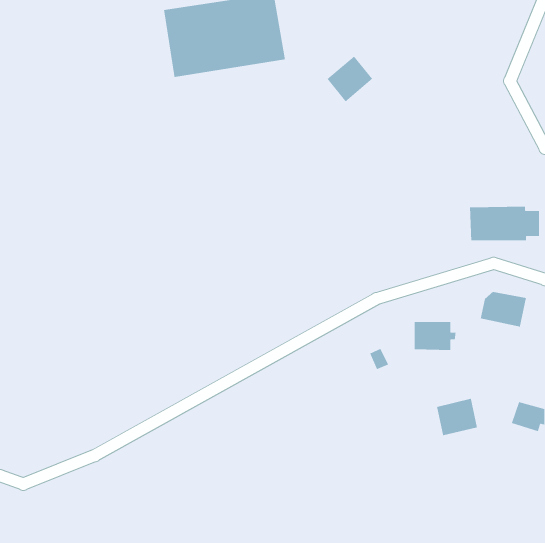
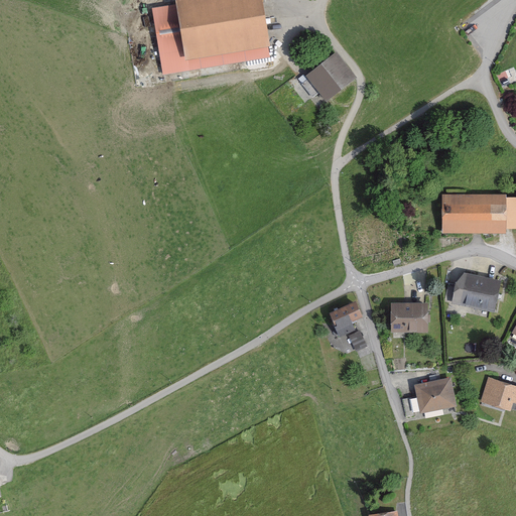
building: none -> [330,301,361,335]

